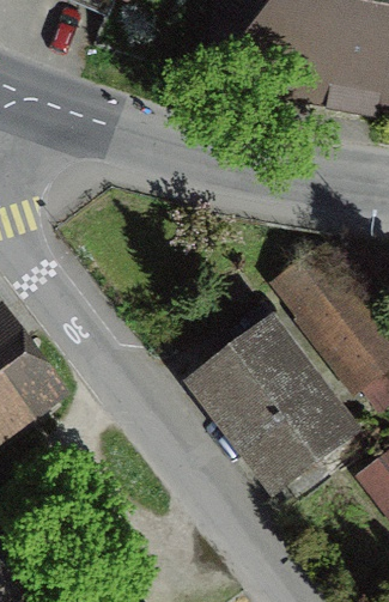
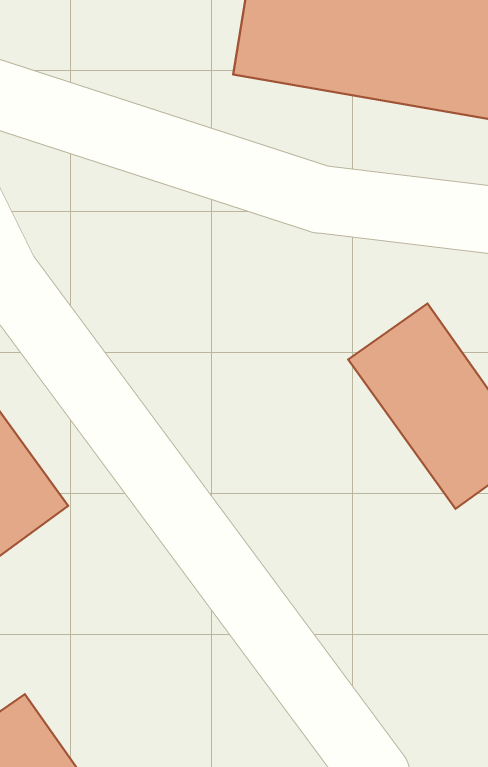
building: [200,324,367,501] -> none

